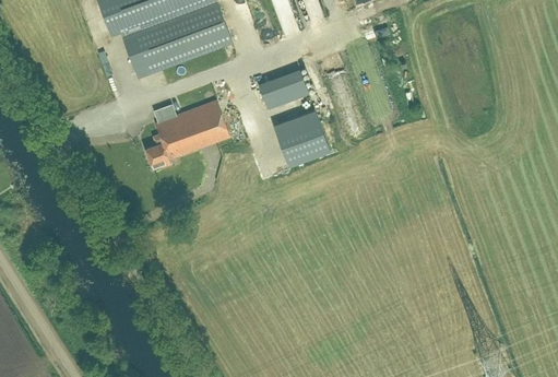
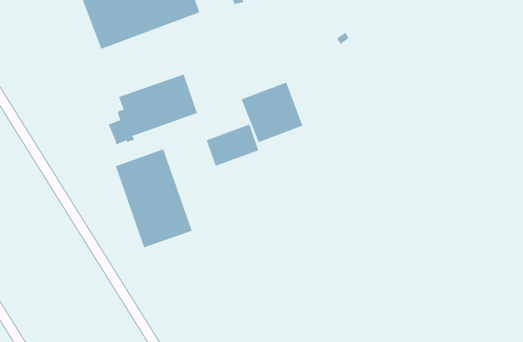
building: [258,68,308,108] -> [206,124,259,167]
building: none -> [115,148,193,248]

